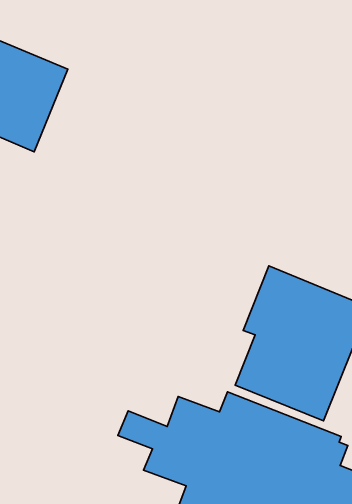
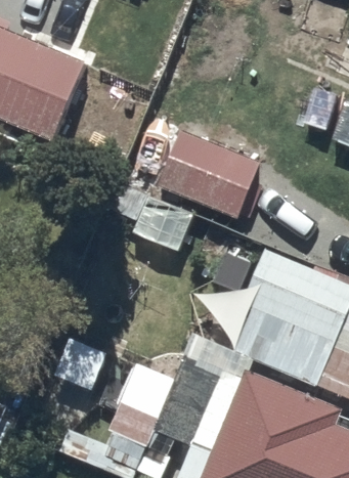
building: none -> [157,124,261,218]

